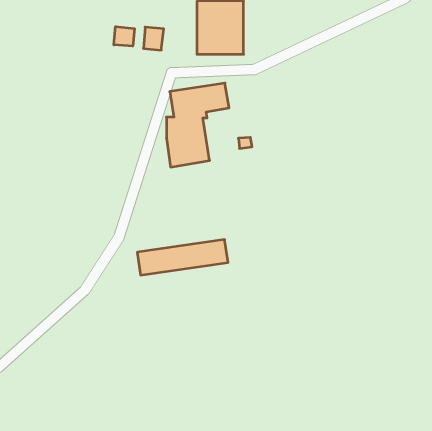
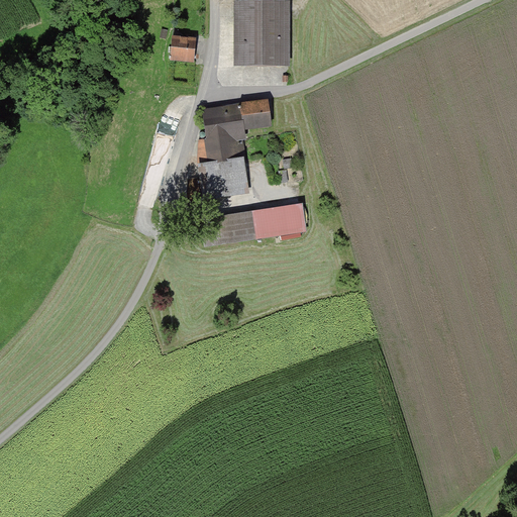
building: [114,27,134,46] -> none
building: [137,240,228,275] -> [198,203,306,245]

